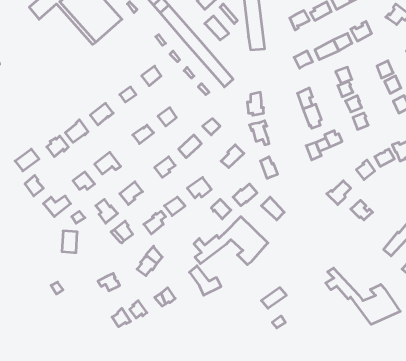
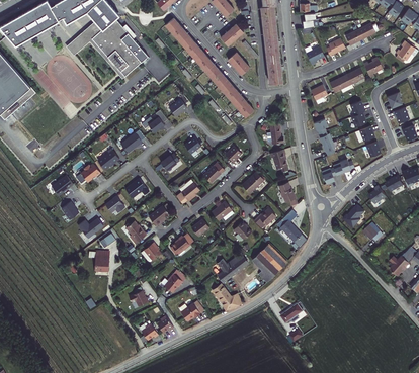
building: [326,268,400,324] -> none

